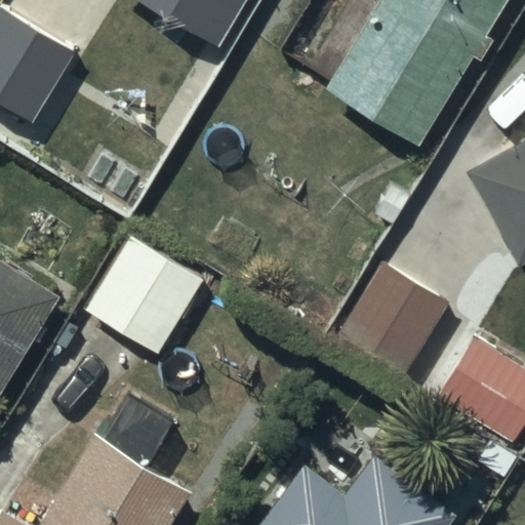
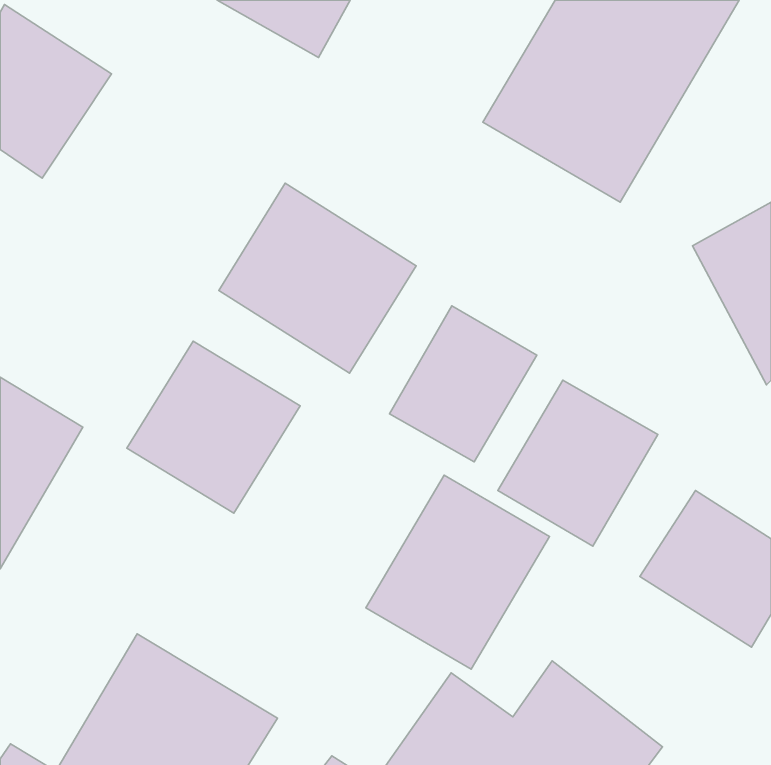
building: none -> [219,183,416,373]
building: none -> [389,306,537,462]
building: none -> [366,475,550,669]

